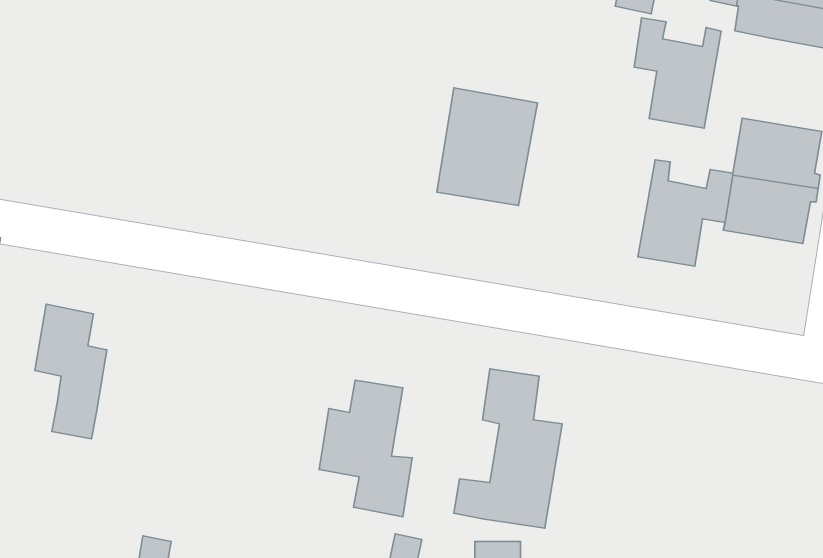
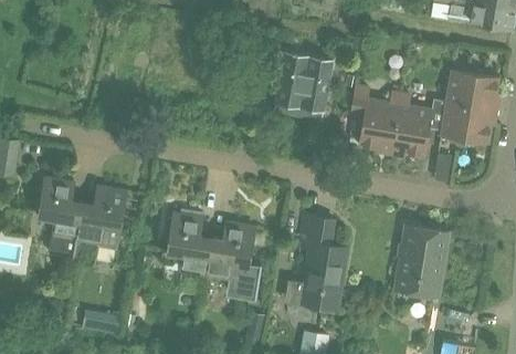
building: [634,18,721,128] -> [350,86,401,150]
building: none -> [76,187,126,243]
building: none -> [168,214,211,274]
building: none -> [394,225,450,296]

